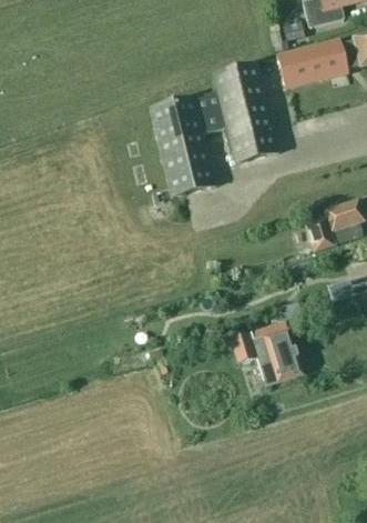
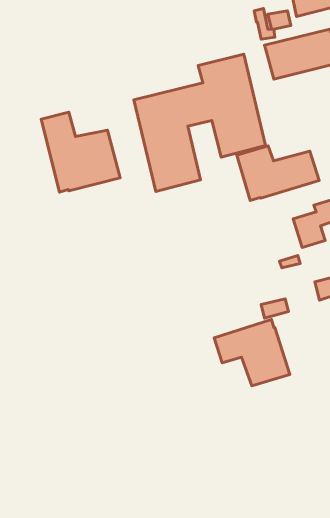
building: none -> [41,112,120,192]
building: none -> [237,146,319,200]

